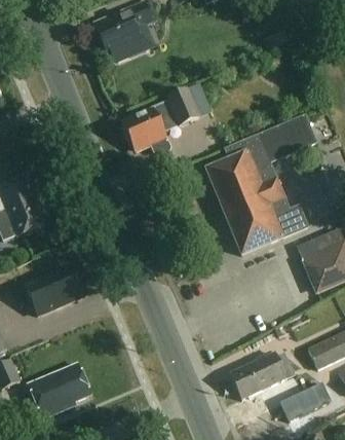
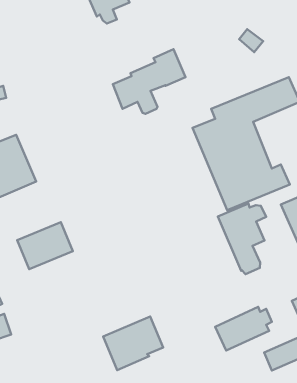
building: none -> [218,203,266,274]
building: [29,362,90,417] -> [103,317,163,370]

